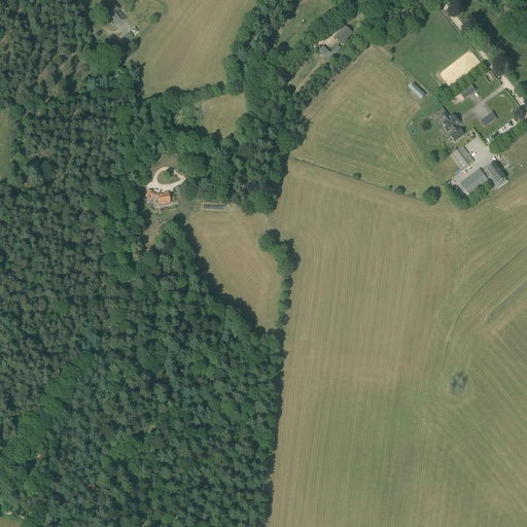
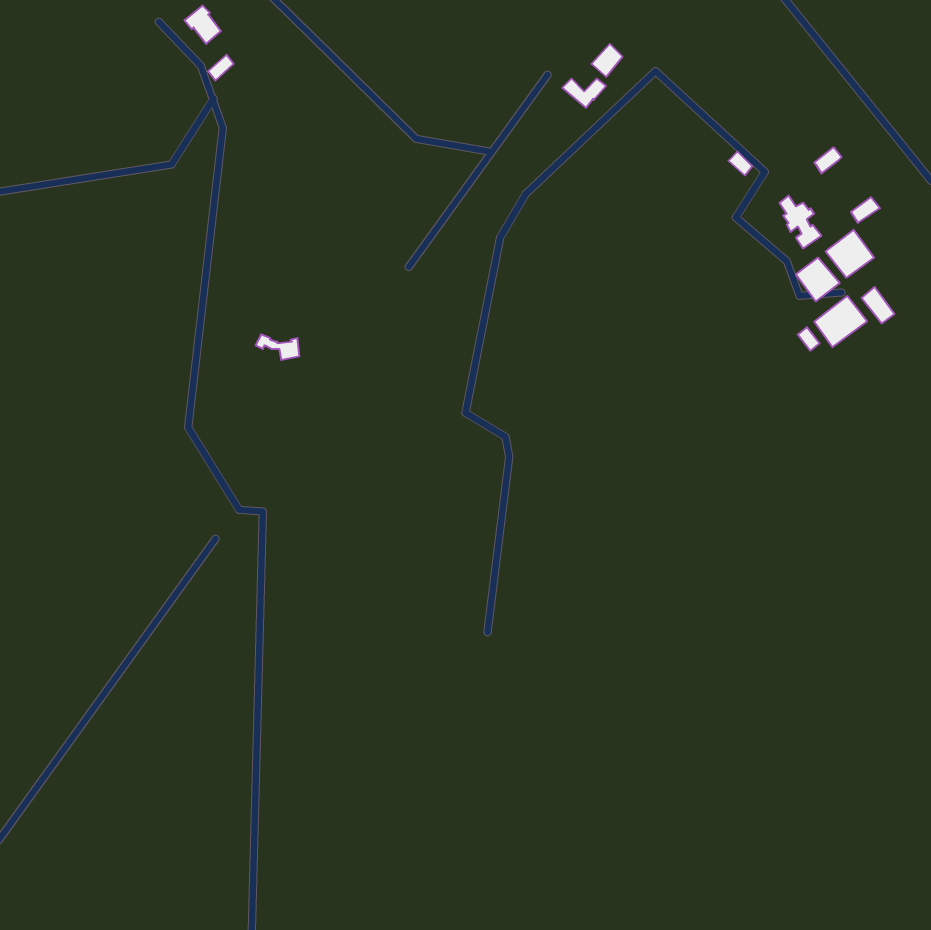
building: none -> [826,230,874,278]

